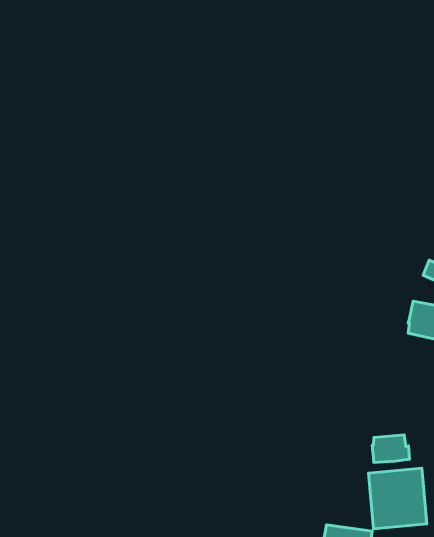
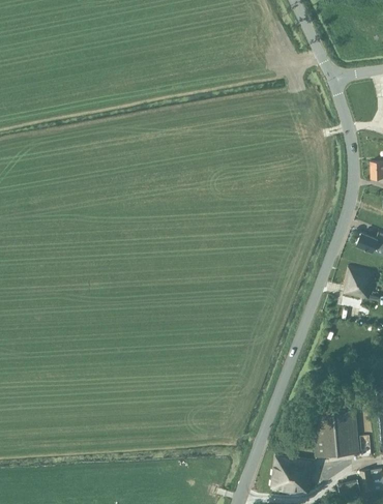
building: [372,435,410,463] -> none

